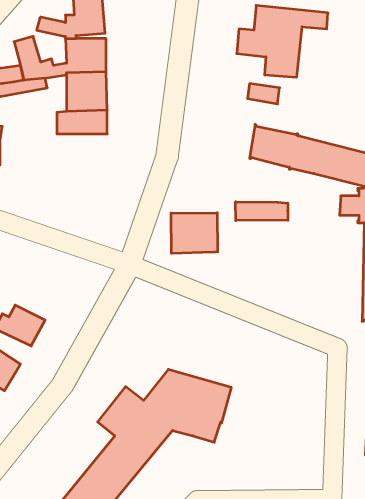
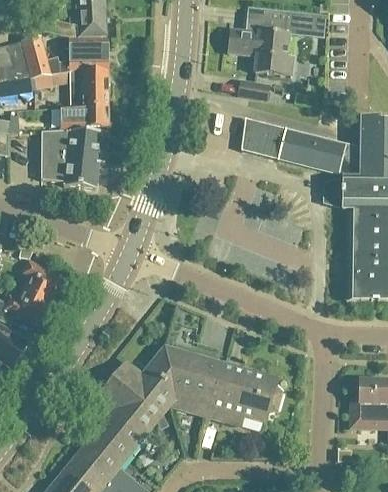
building: none -> [41,128,108,187]
building: [236,202,288,221] -> none
building: [171,213,218,253] -> none
building: none -> [22,258,60,300]
building: none -> [208,363,282,423]

